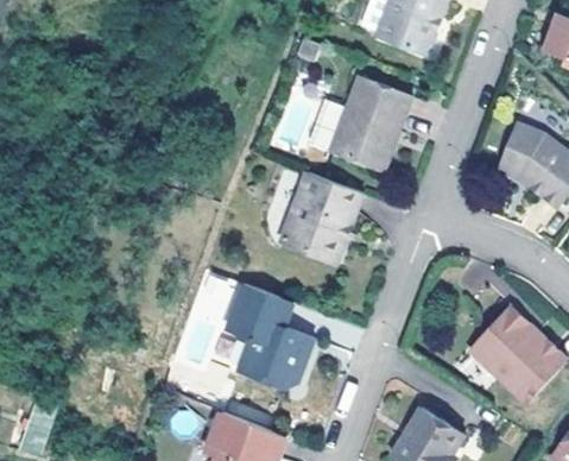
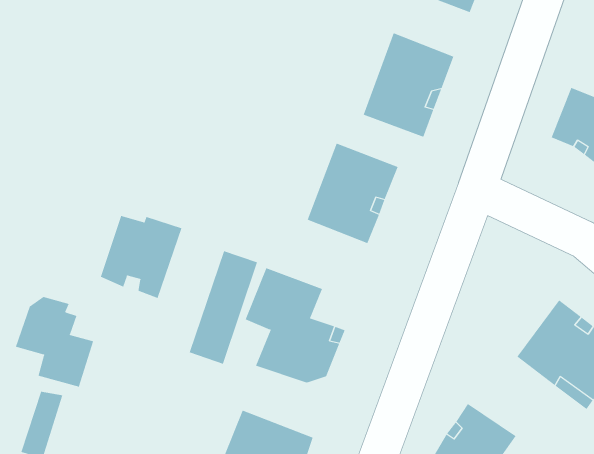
building: none -> [100,215,182,299]
building: none -> [15,296,94,388]

